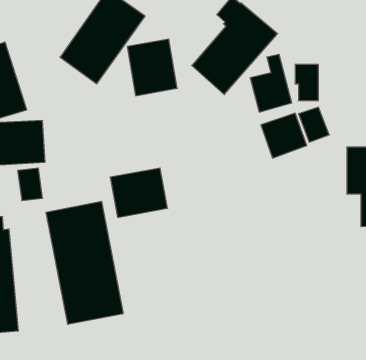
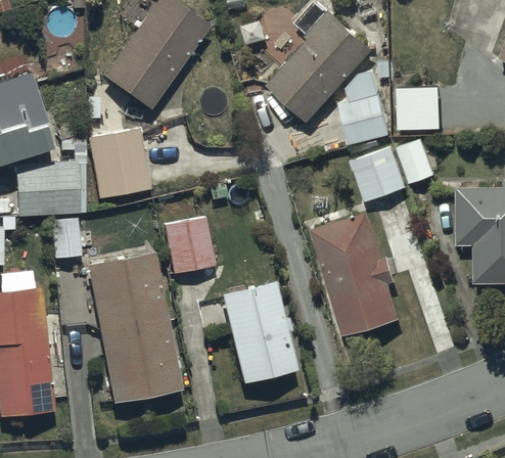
building: [127,39,177,96] -> [89,128,150,197]
building: none -> [310,214,399,336]
building: none -> [221,284,294,384]

